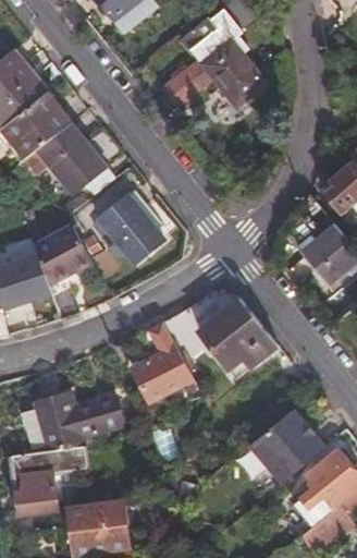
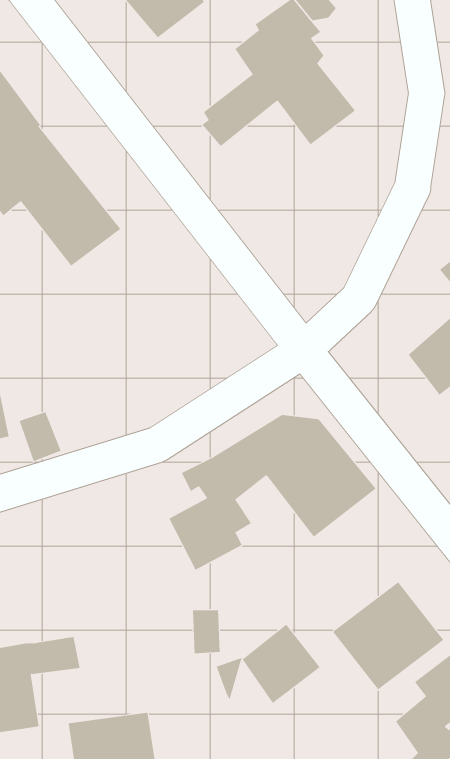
building: [94,186,163,262] -> none
building: [36,226,93,283] -> none
building: [25,387,120,452] -> none
building: none -> [242,624,321,704]

